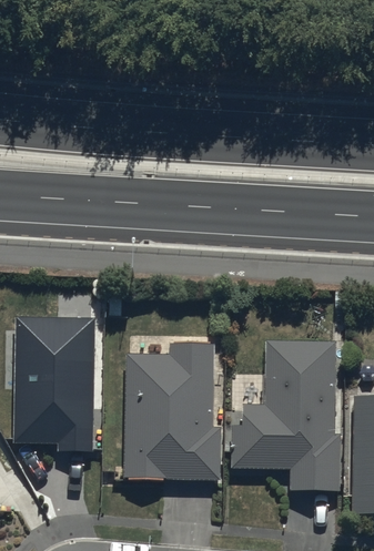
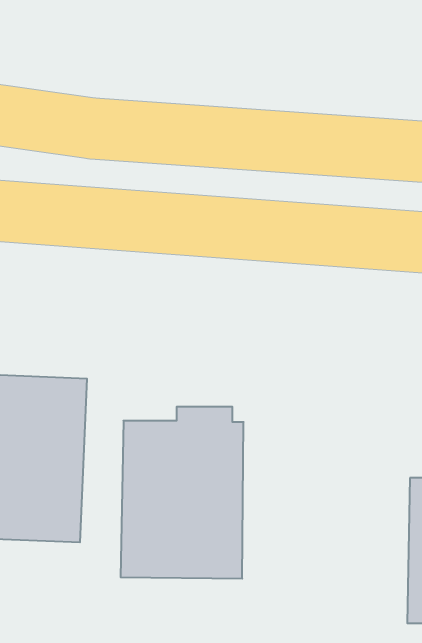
building: [234,339,337,489] -> none

